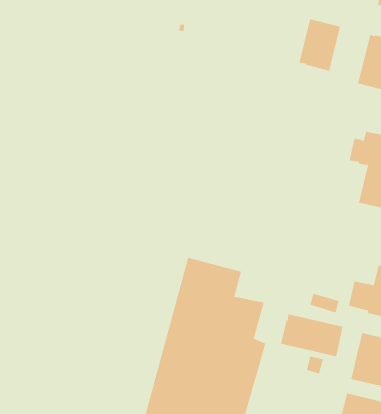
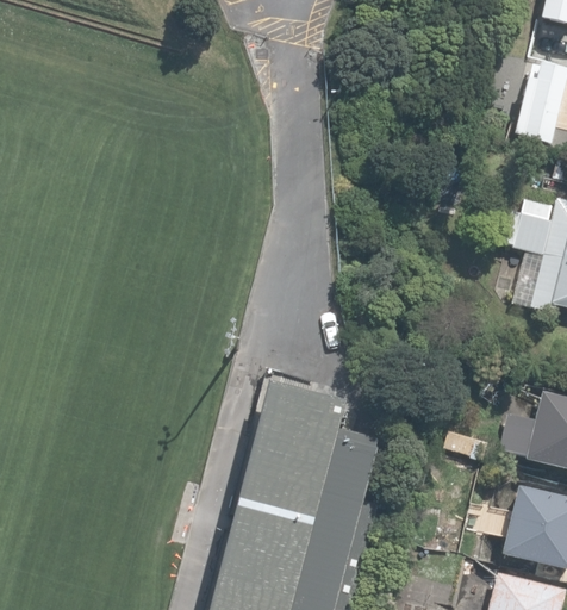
building: [299,19,341,71] -> none
building: [280,314,343,357] -> none

